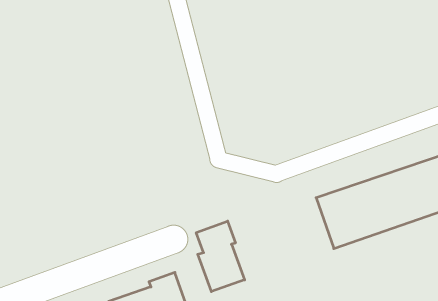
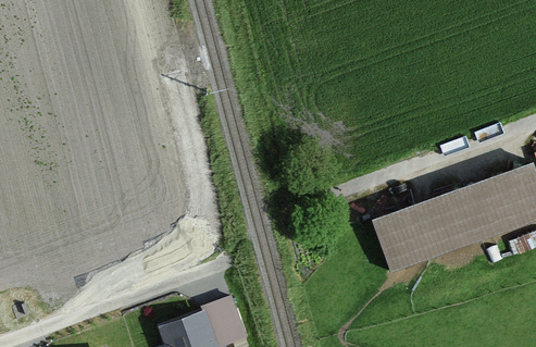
building: [196,221,245,292] -> none

